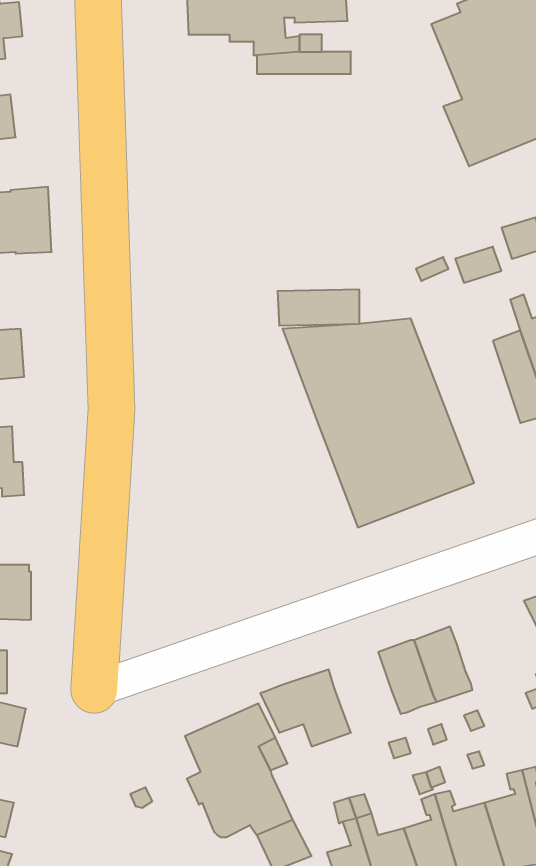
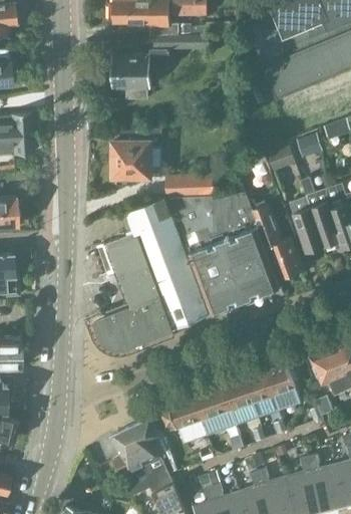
building: none -> [111,52,174,99]
building: none -> [112,128,161,187]
building: none -> [92,199,208,350]
building: none -> [252,204,301,280]
building: none -> [265,366,296,410]
building: none -> [194,388,236,435]

